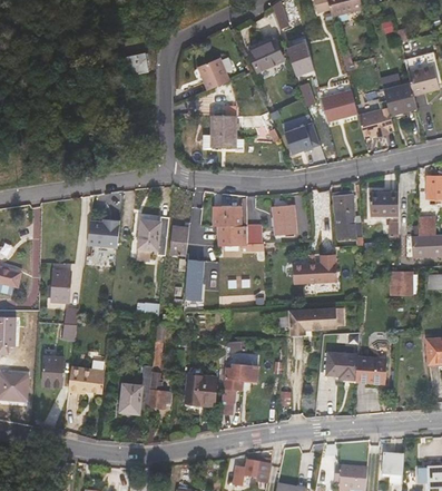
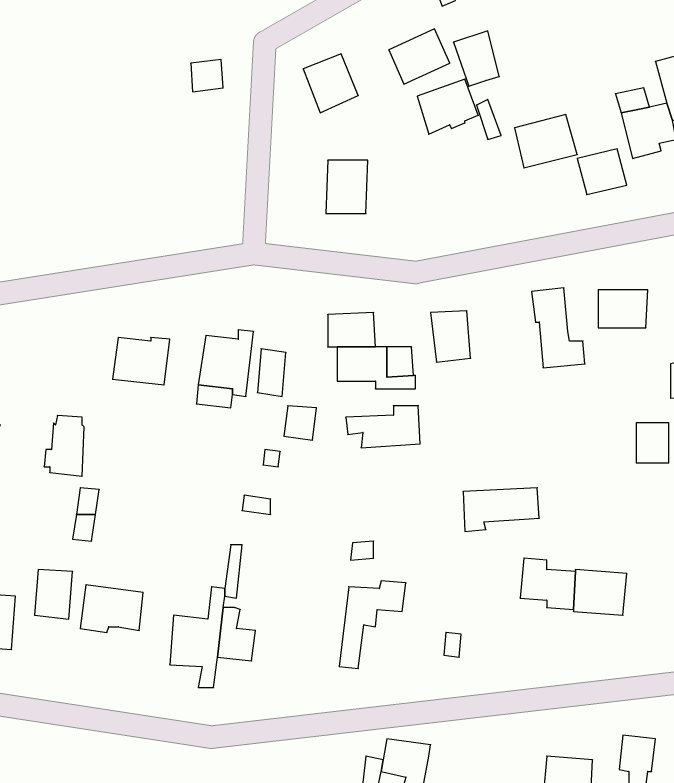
building: [284,121,320,154] -> [417,79,478,134]
building: [293,258,336,283] -> [346,406,420,448]
building: [185,371,217,402] -> none

